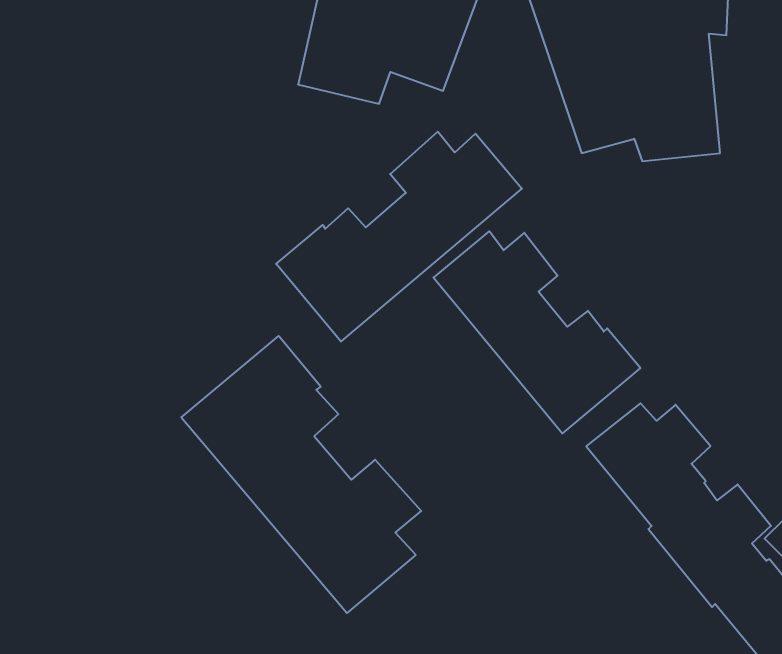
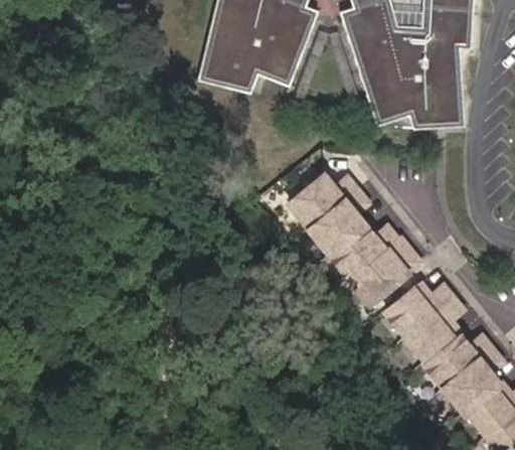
building: [276,132,522,342] -> none
building: [181,336,421,613] -> none

